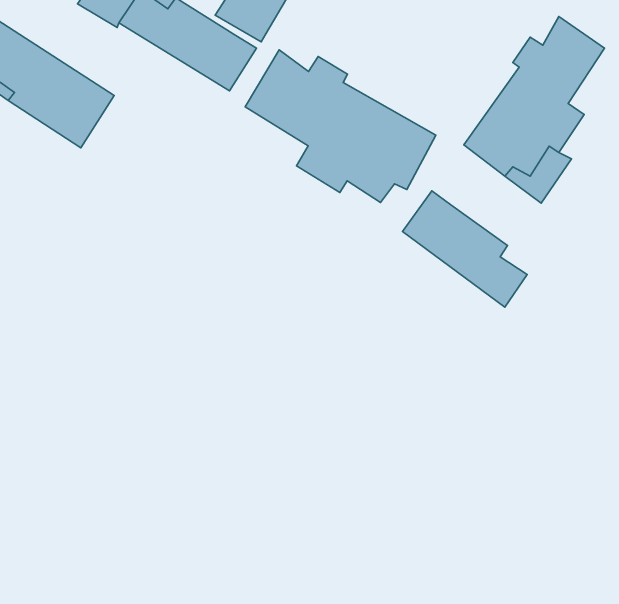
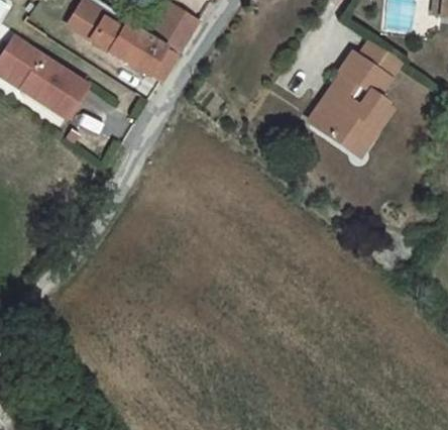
building: [245,50,436,203] -> none
building: [403,191,527,307] -> none

